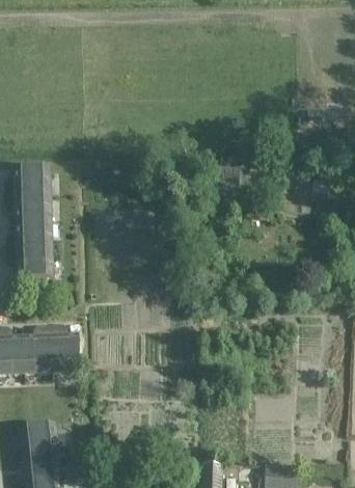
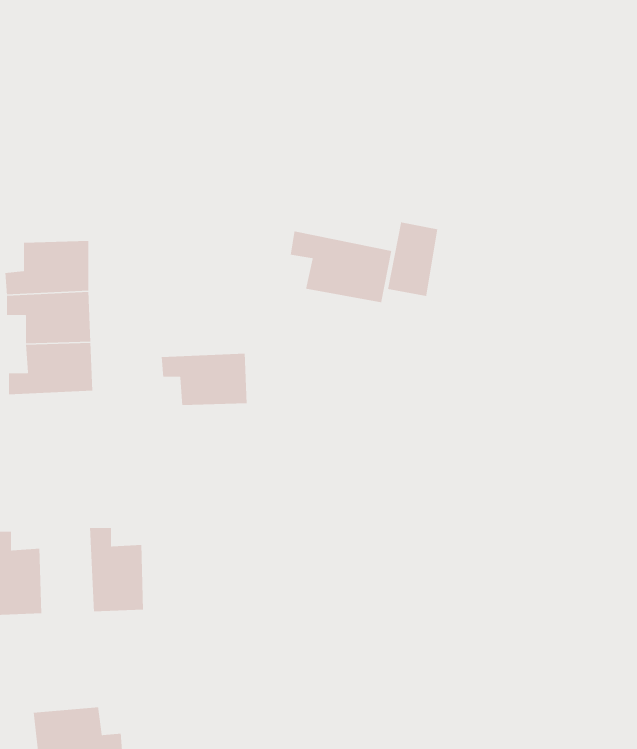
building: none -> [290,231,392,303]
building: [5,249,53,278] -> [161,353,247,406]
building: [23,324,52,372] -> none

